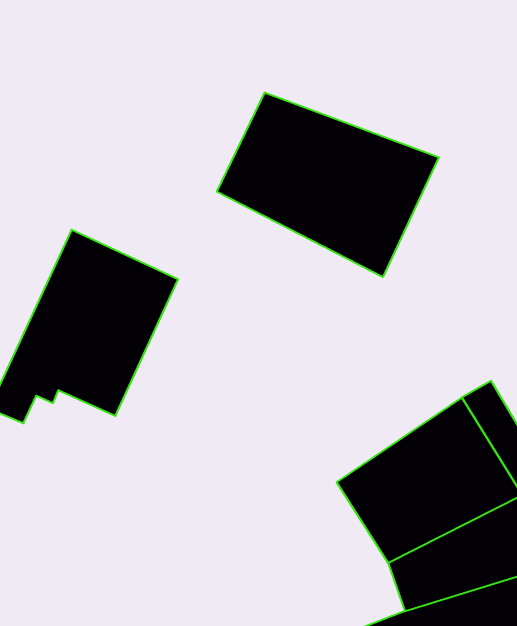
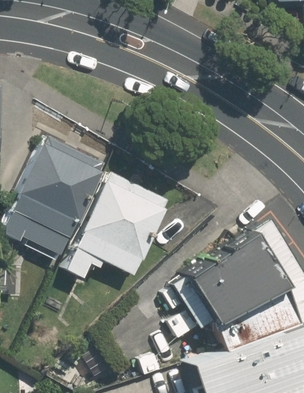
building: [217,92,439,277] -> none
building: none -> [64,174,167,279]

